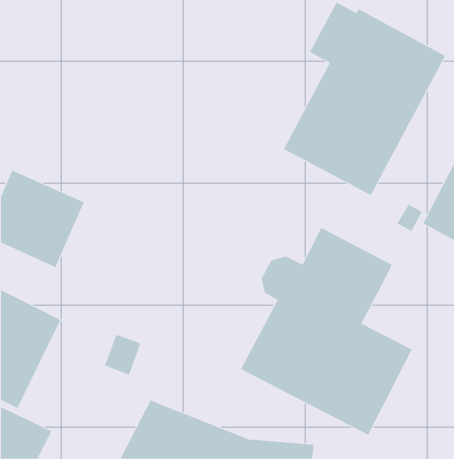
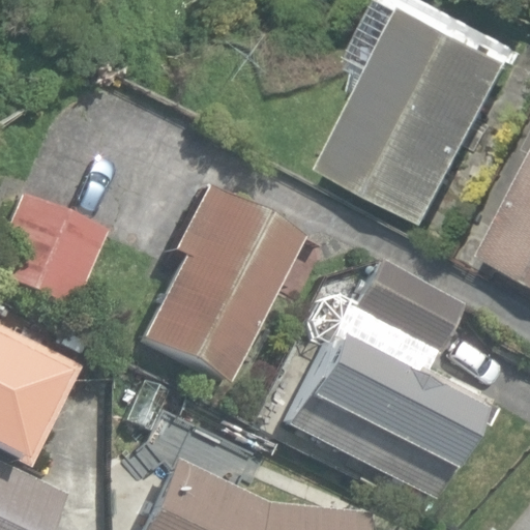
building: none -> [140,186,302,386]

